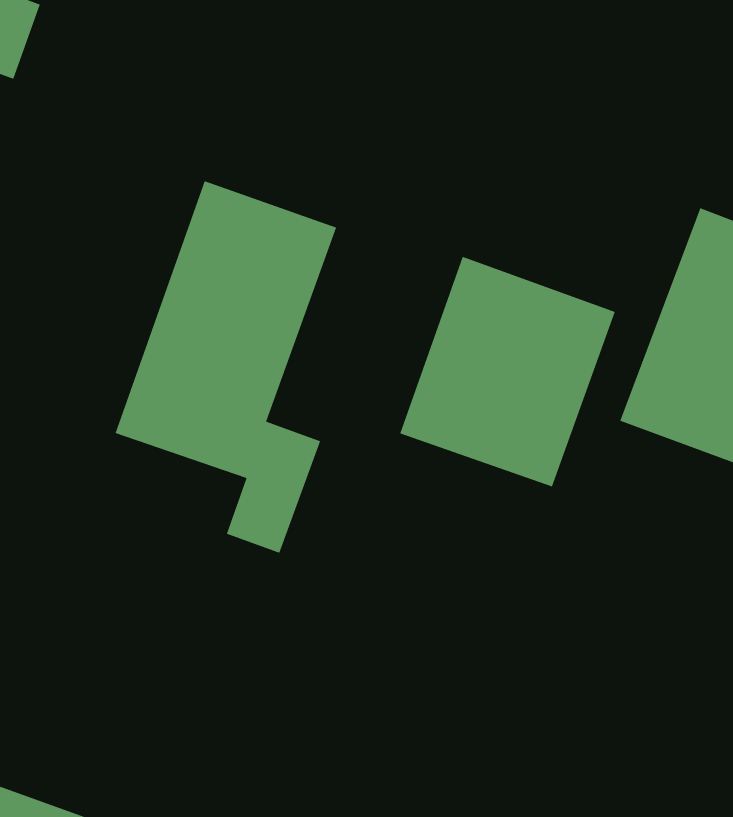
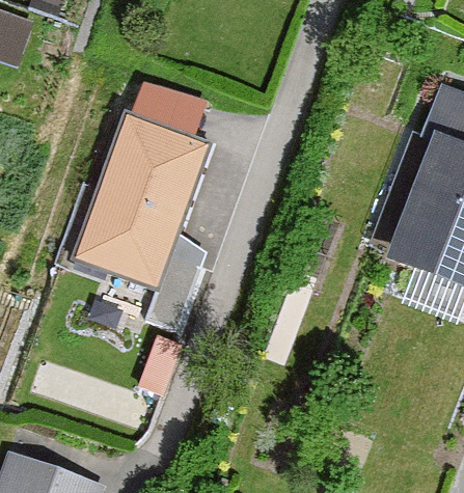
building: [399,256,616,487] -> none

